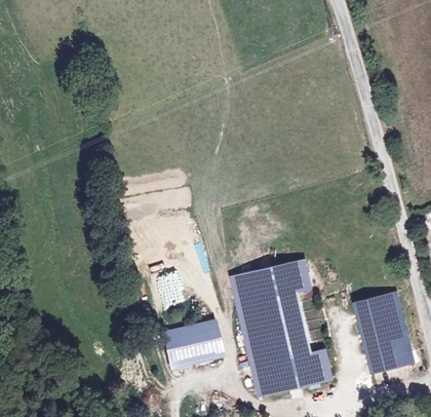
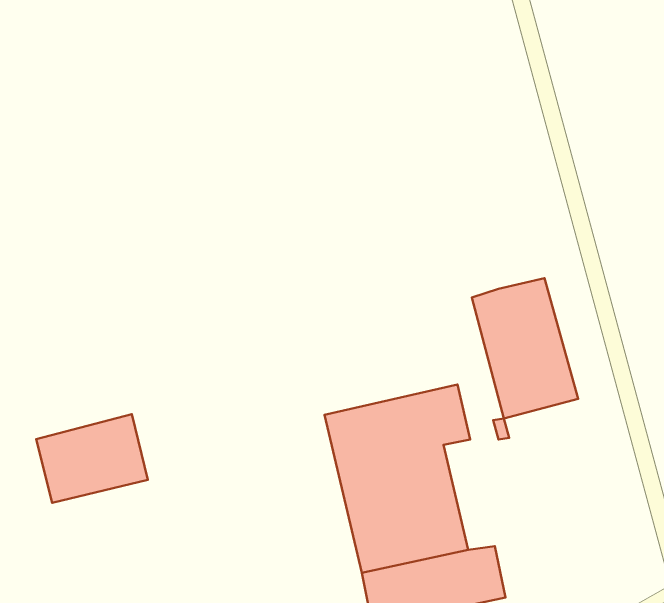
building: [353,291,415,372] -> [472,278,578,418]
building: [158,314,223,366] -> [36,414,148,503]

